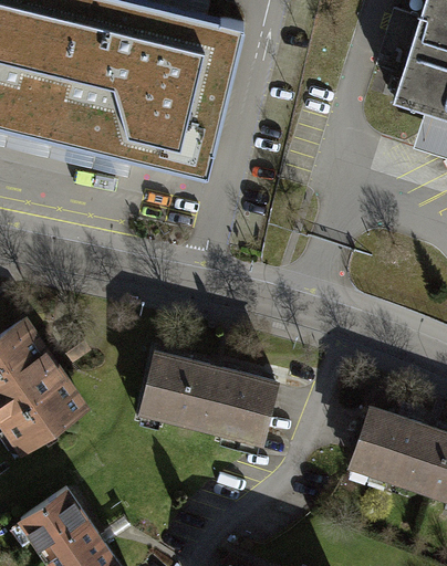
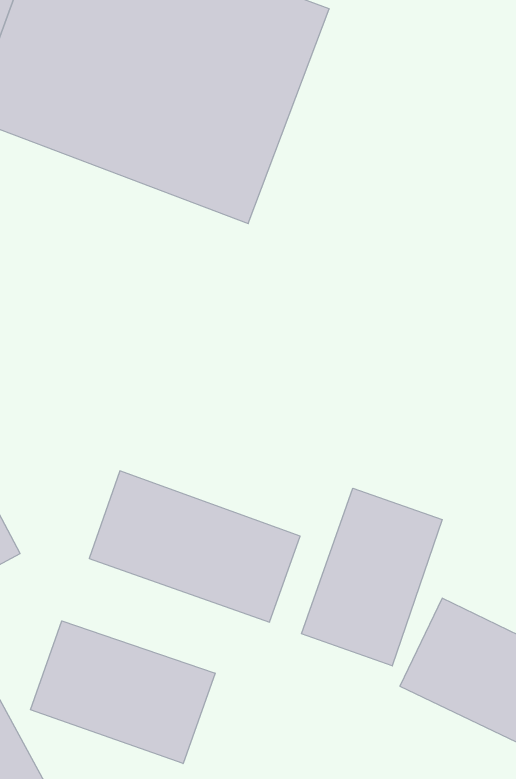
building: none -> [302,488,442,666]
building: none -> [31,621,215,764]

